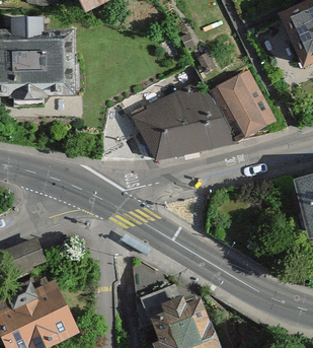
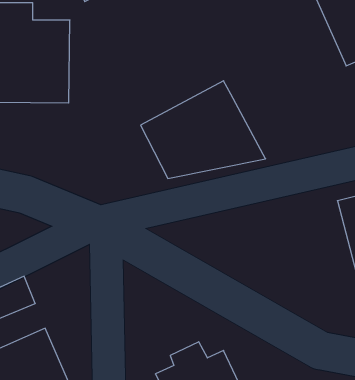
building: [207,69,276,143] -> none

